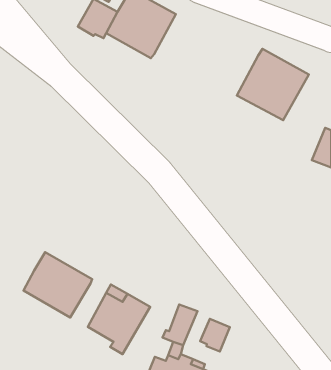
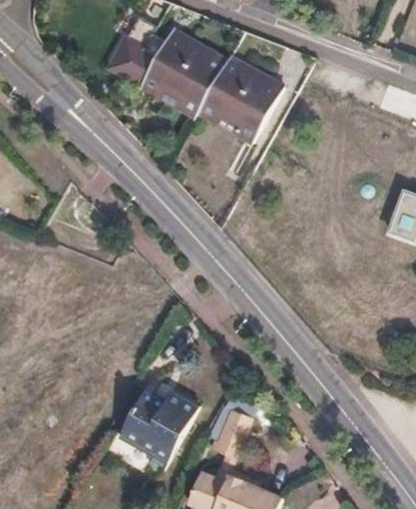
building: [237,49,309,120] -> [198,49,286,135]
building: [23,252,92,318] -> none
building: [200,319,230,351] -> none

